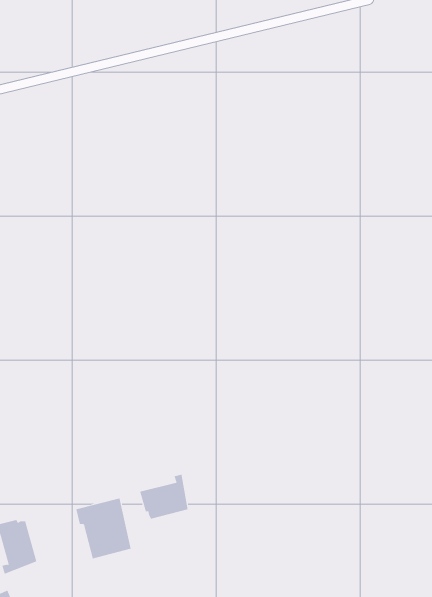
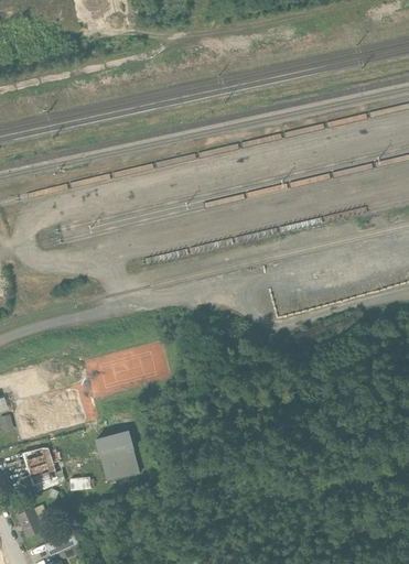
building: [140,474,188,520] -> none

